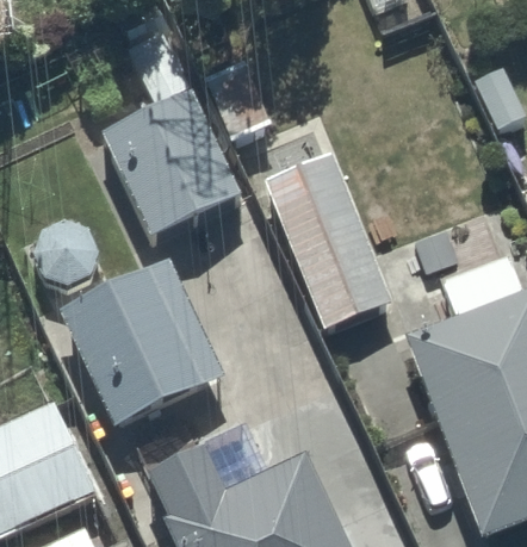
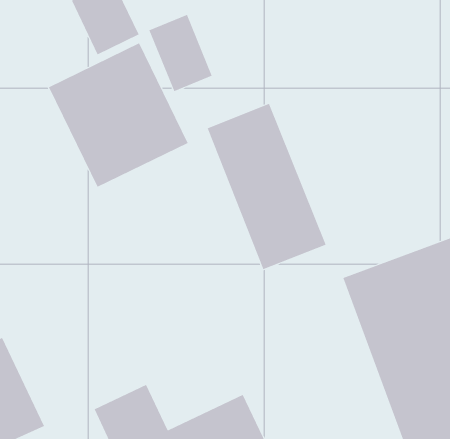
building: [58,257,225,428] -> none

